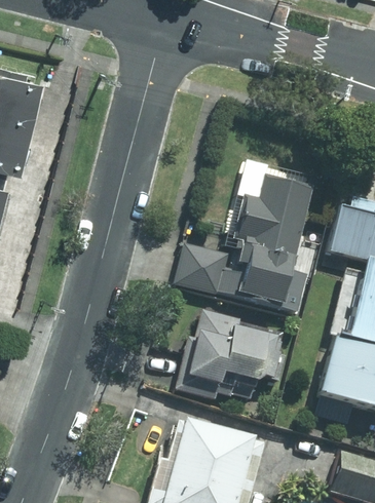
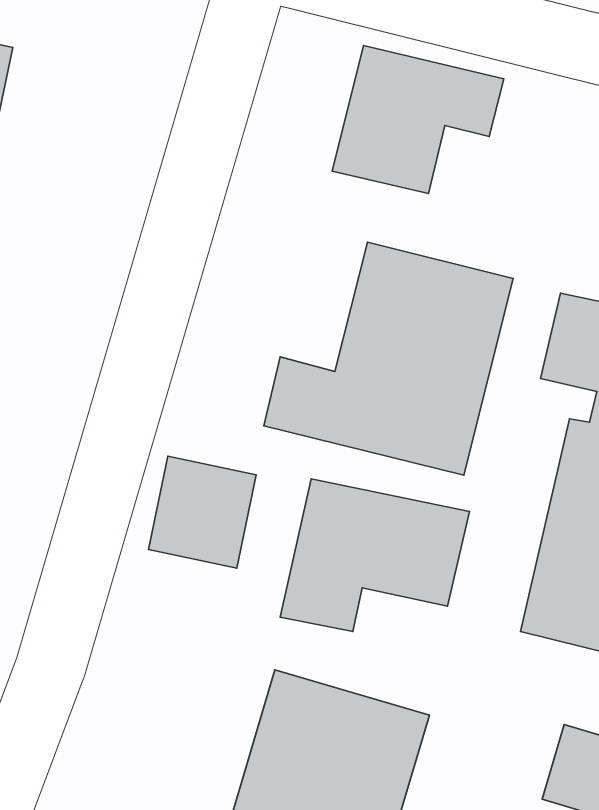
building: none -> [332,46,504,193]
building: none -> [148,456,256,568]

